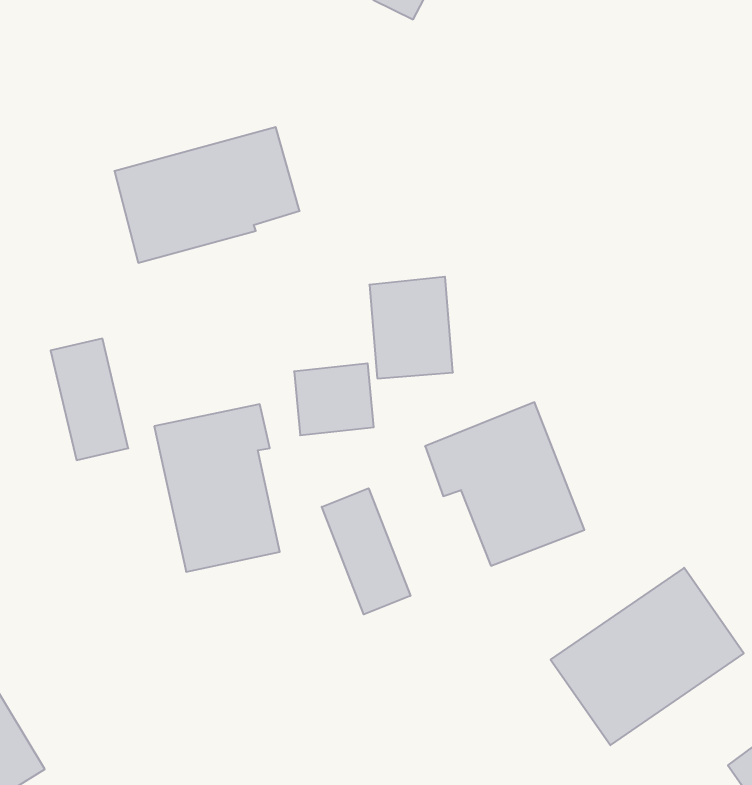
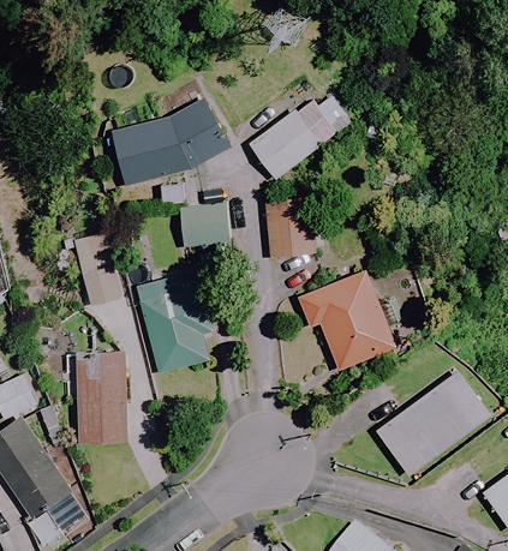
building: none -> [249,86,351,179]
building: [294,363,374,435] -> [180,204,228,247]
building: [322,488,410,614] -> none
building: none -> [66,352,126,443]

